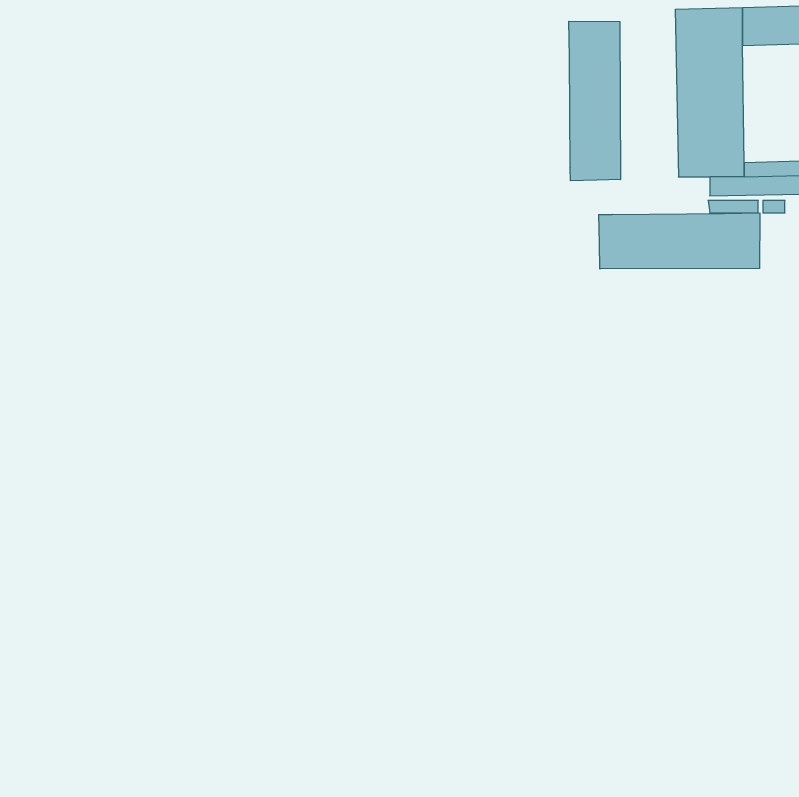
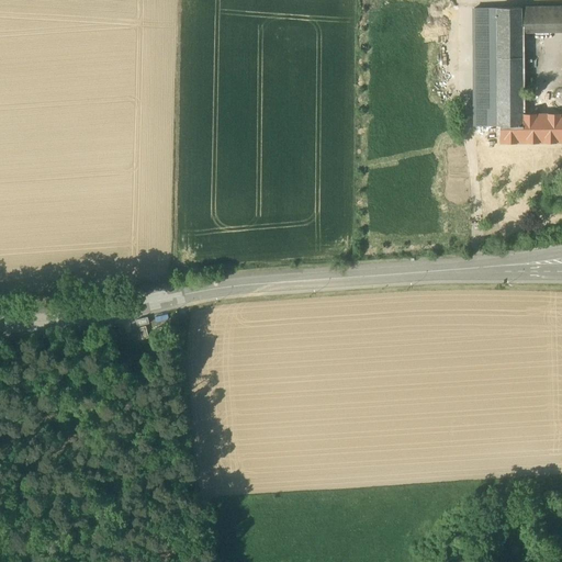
building: [569,21,620,181] -> none
building: [599,213,760,269] -> none

